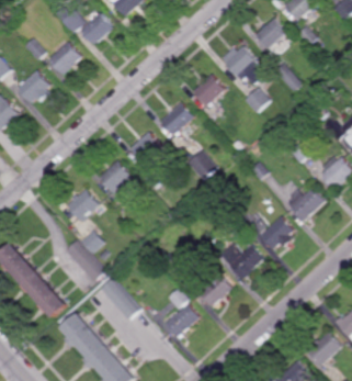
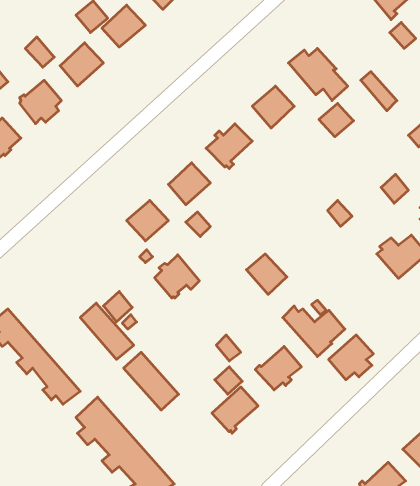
building: [257,19,289,51] -> none
building: [186,150,217,181] -> [246,254,287,294]
building: [67,189,101,222] -> [155,255,199,298]
building: [262,216,296,250] -> [329,335,373,380]

